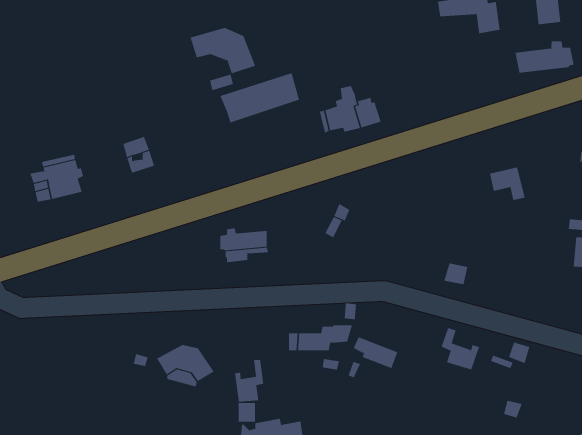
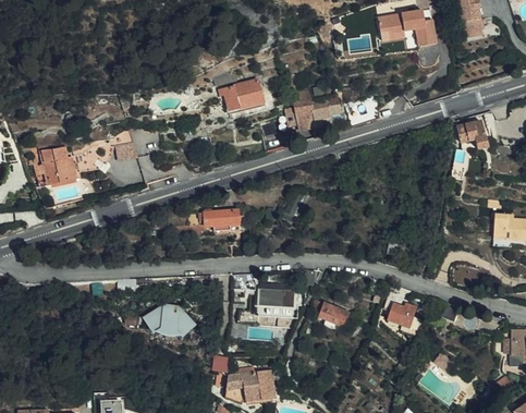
building: [190,27,256,74] -> none
building: [515,40,574,73] -> none
building: [489,167,525,201] -> [457,120,488,148]
building: [234,359,264,403] -> none

